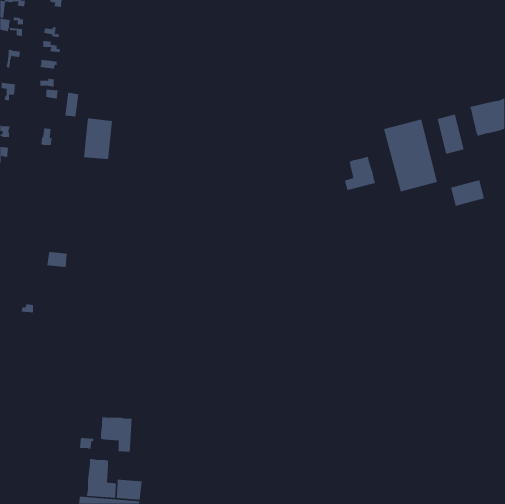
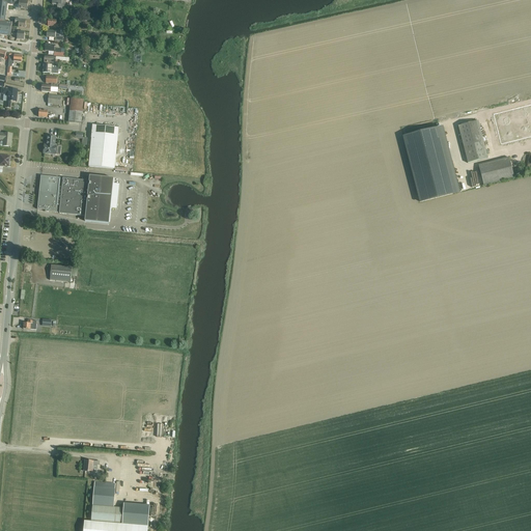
building: [344,156,376,191] -> none
building: none -> [36,174,113,222]
building: [450,180,485,206] -> [477,156,513,184]
building: [101,416,132,453] -> none

